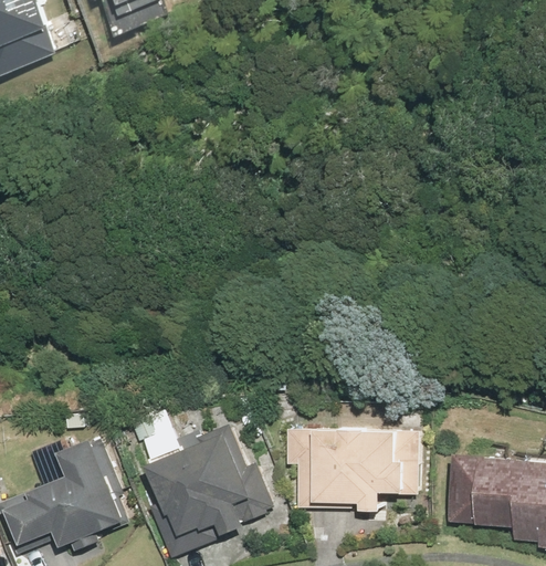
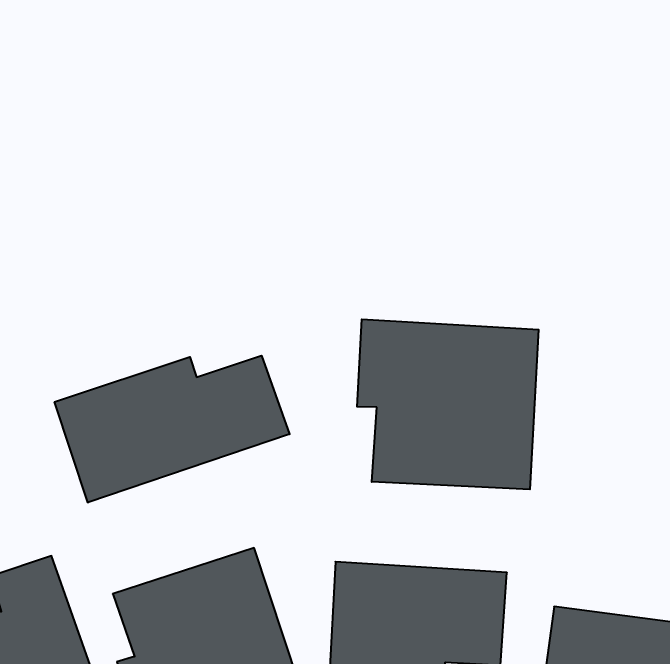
building: none -> [357,319,539,489]
building: none -> [55,356,290,503]

